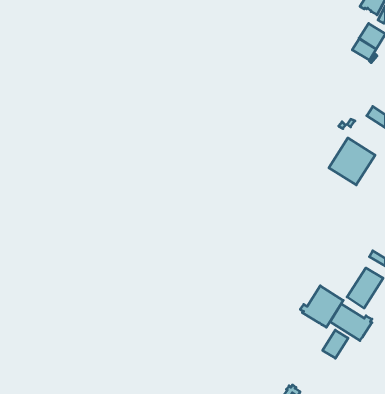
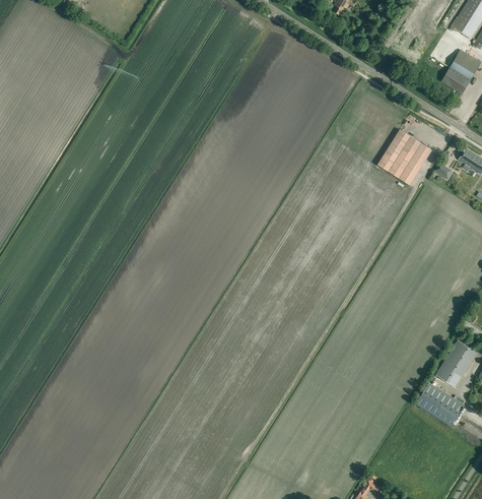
building: [329,138,375,185] -> [377,129,432,185]
building: [300,286,343,327] -> none
building: [323,330,348,358] -> none

